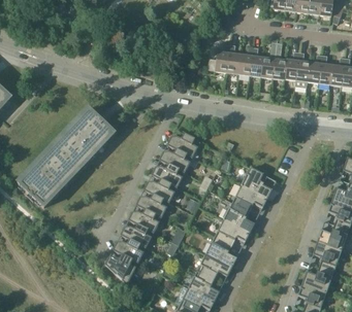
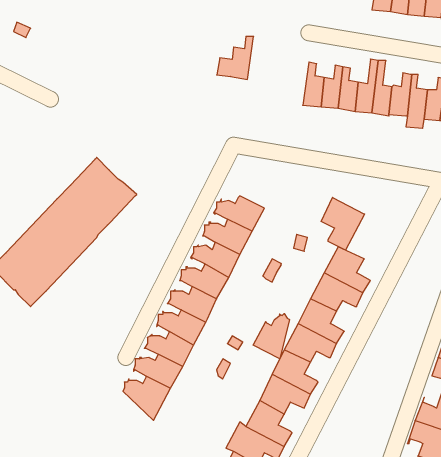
building: [205,43,230,72] -> [217,36,254,79]
building: none -> [321,197,365,250]
building: none -> [253,314,289,359]

